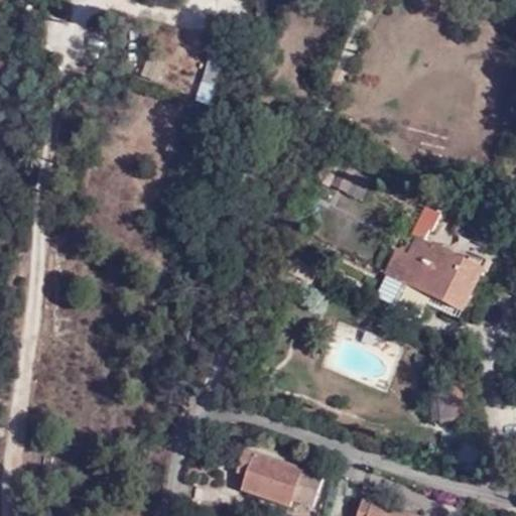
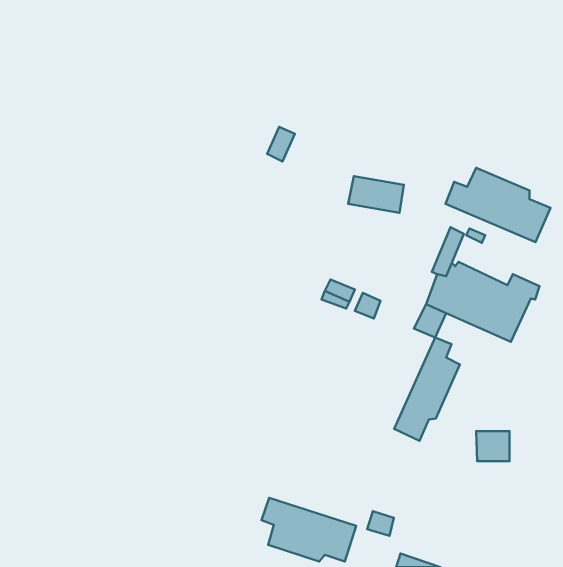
building: none -> [446,168,551,242]
building: none -> [394,338,460,441]

